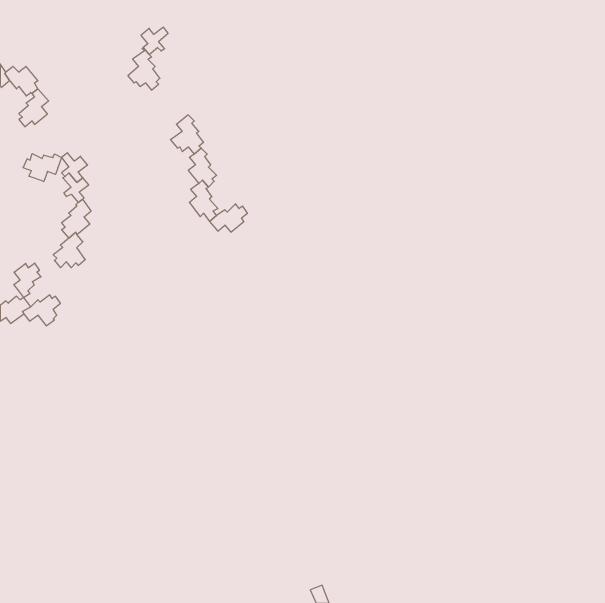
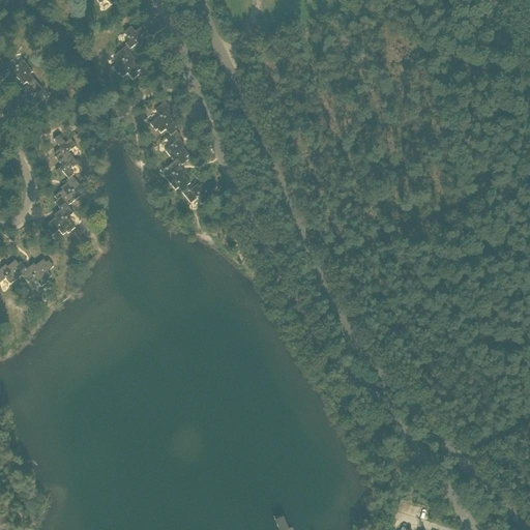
building: [23,154,62,182] -> none
building: [14,263,41,297] -> none

